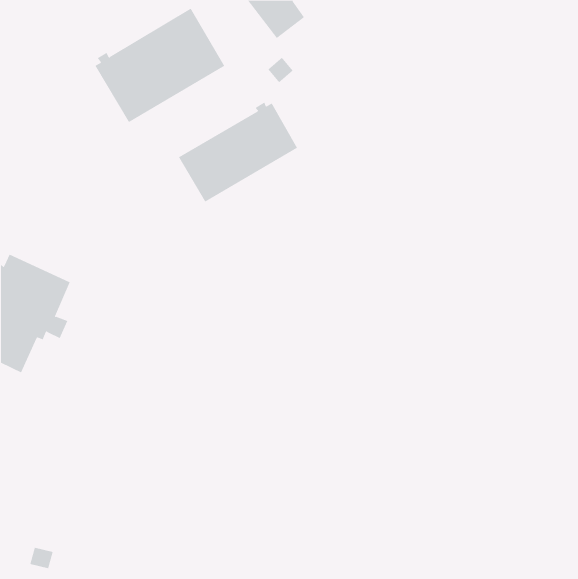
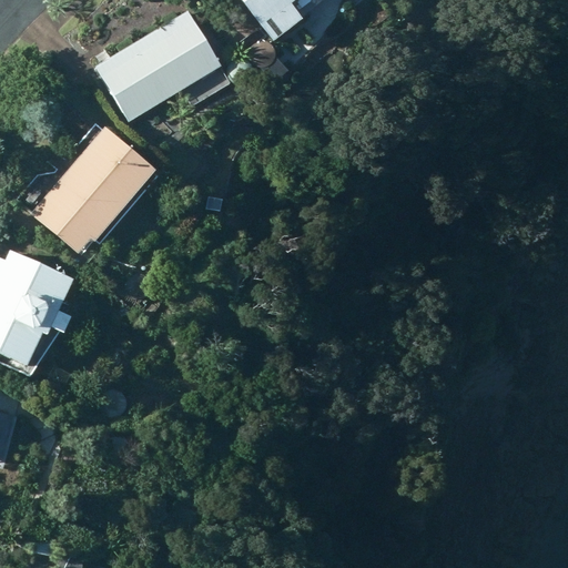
building: [178,102,298,203] -> none
building: none -> [32,129,153,253]

